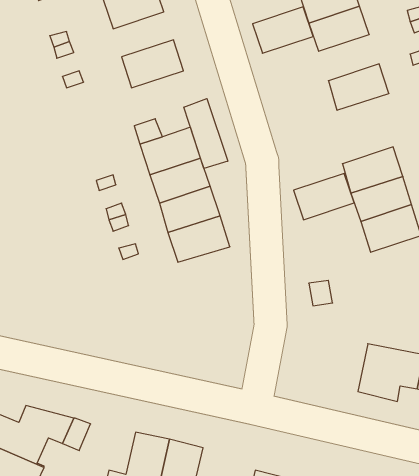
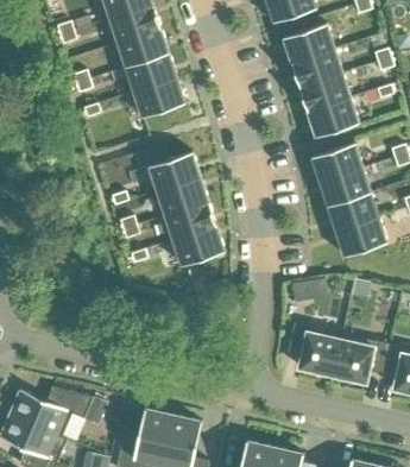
building: [253,7,313,53] -> [299,74,351,113]
building: none -> [126,55,177,93]
building: [184,99,228,168] -> none
building: [294,173,354,220] -> [311,144,362,183]
building: none -> [288,324,341,376]

